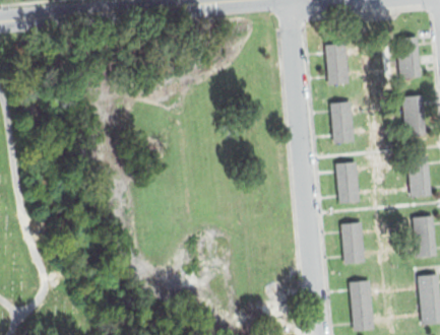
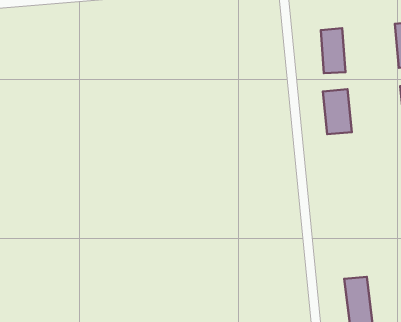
building: [334,161,361,203] -> none
building: [341,222,365,264] -> none

